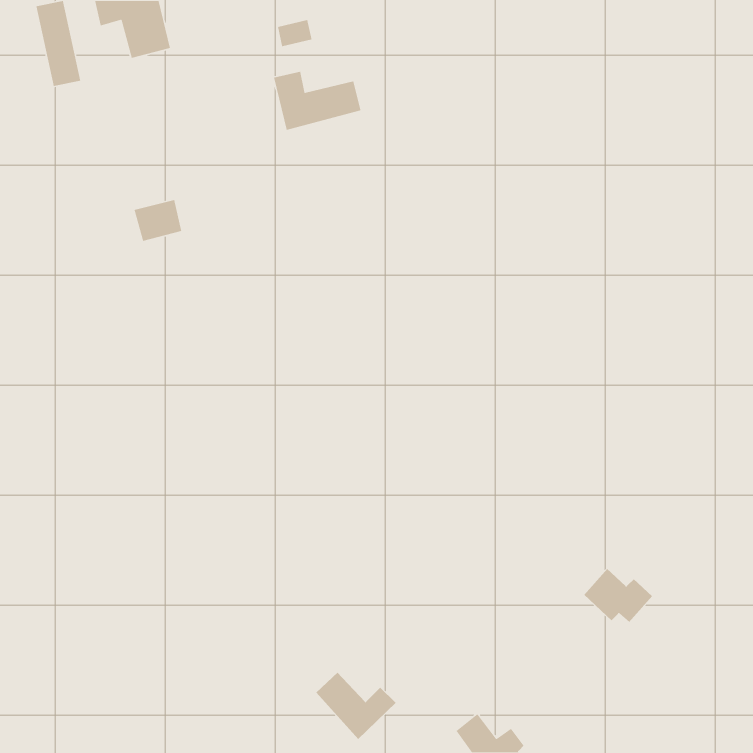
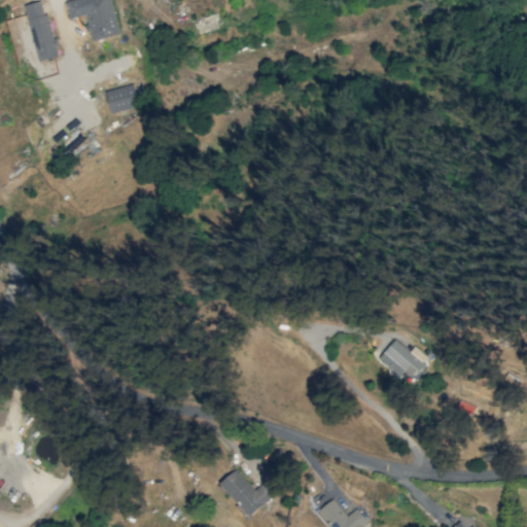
building: [273,71,361,131] -> none
building: [134,199,182,242] -> [105,83,139,113]
building: [584,568,653,623] -> [380,339,428,377]

